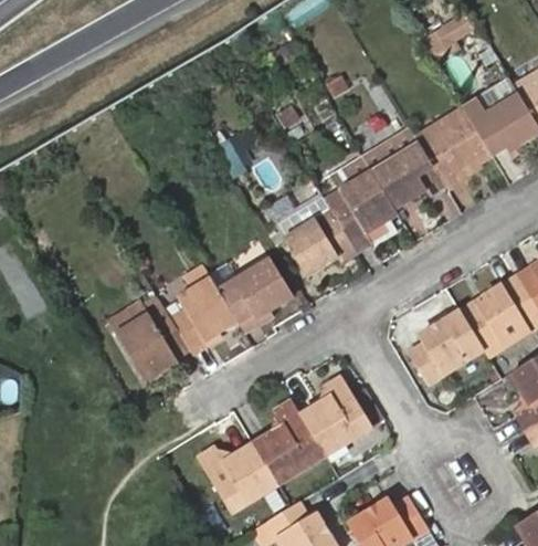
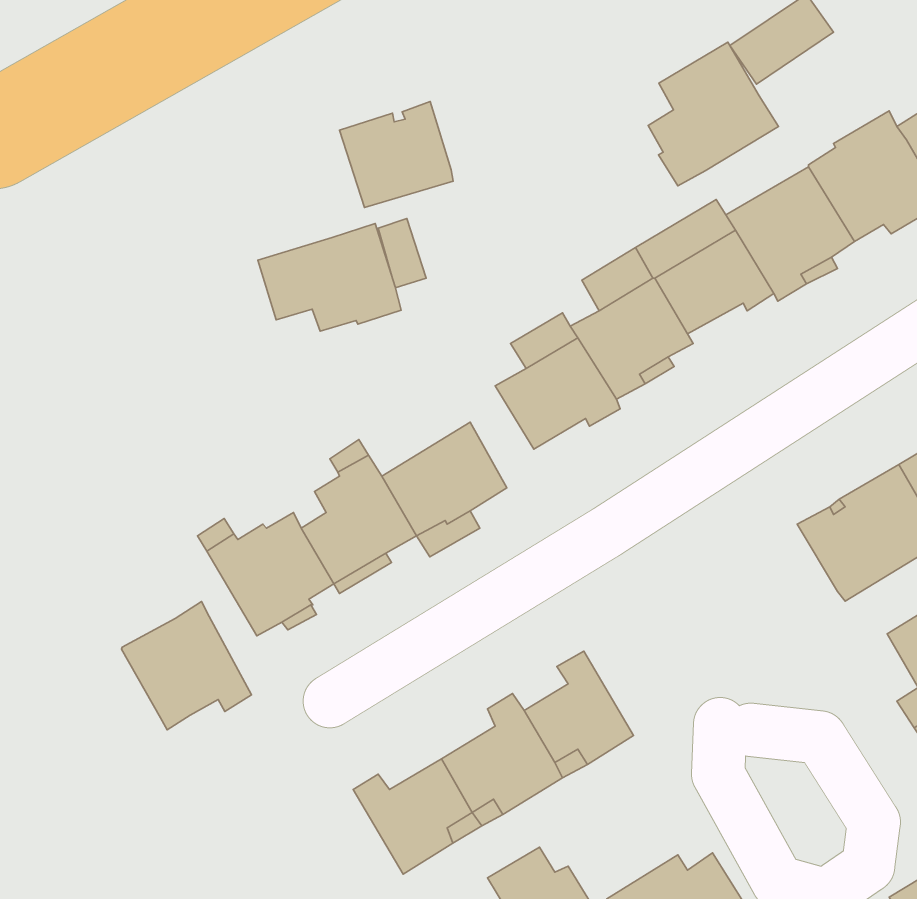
building: none -> [648,42,778,186]
building: none -> [339,101,453,207]
building: none -> [258,224,401,331]
building: [408,312,482,384] -> none
building: none -> [121,602,251,730]

